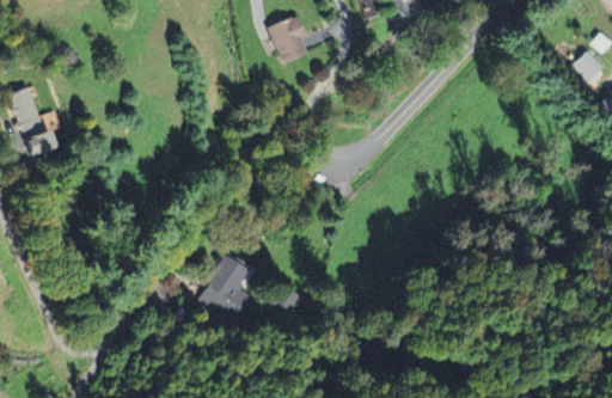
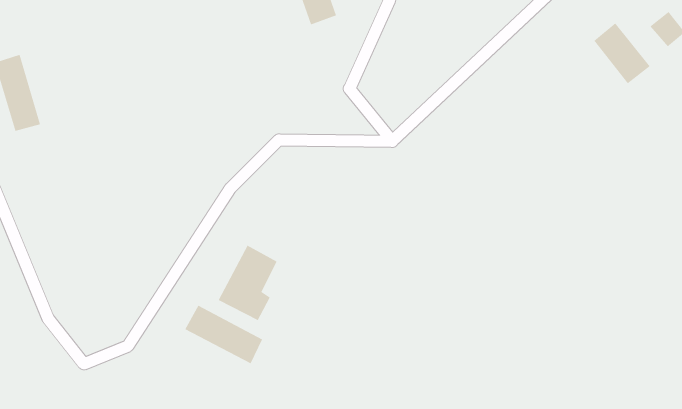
building: none -> [593,22,650,84]
building: none -> [185,305,263,364]

